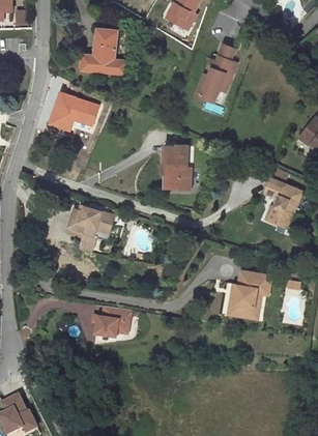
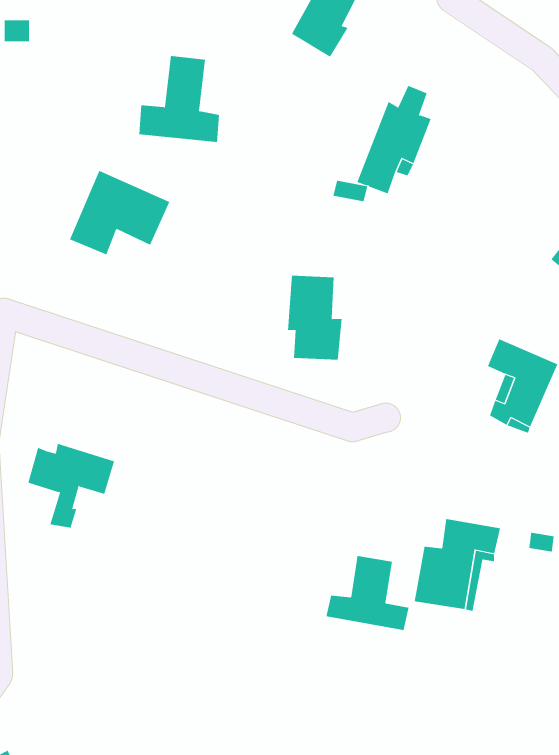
building: [67,207,113,252] -> [28,443,115,528]
building: none -> [326,555,409,631]
building: [95,311,129,338] -> none

